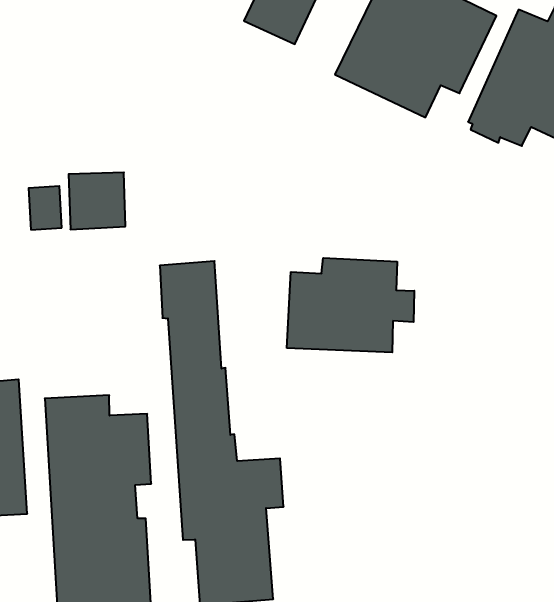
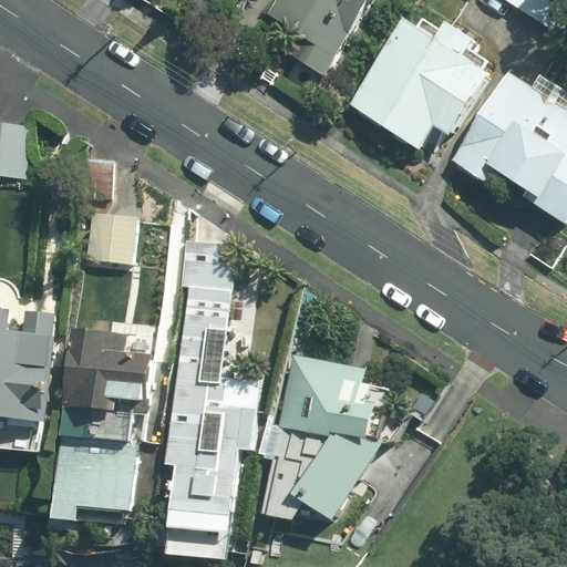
building: [69,172,125,229] -> [82,212,133,261]
building: [287,258,414,352] -> none
building: none -> [260,354,383,519]

